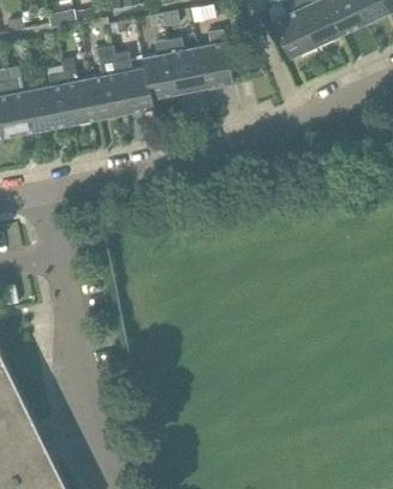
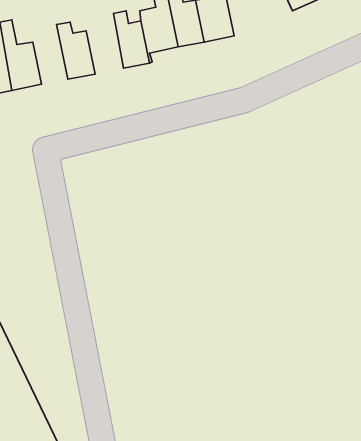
building: [90,61,126,120] -> none
building: [38,67,72,130] -> none

